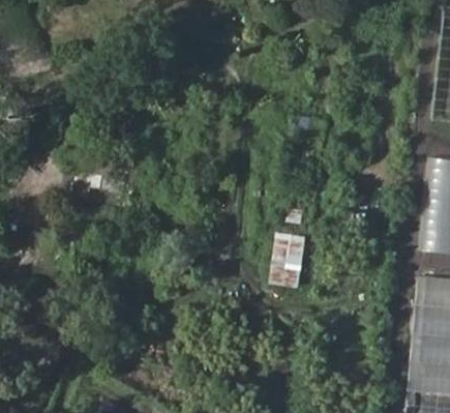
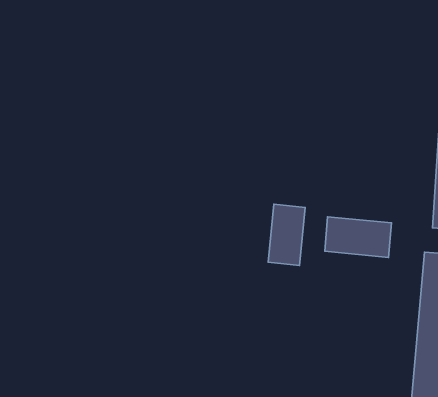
building: none -> [325,217,392,257]

